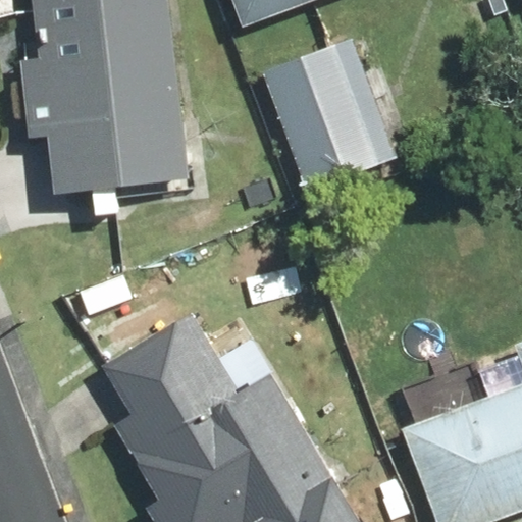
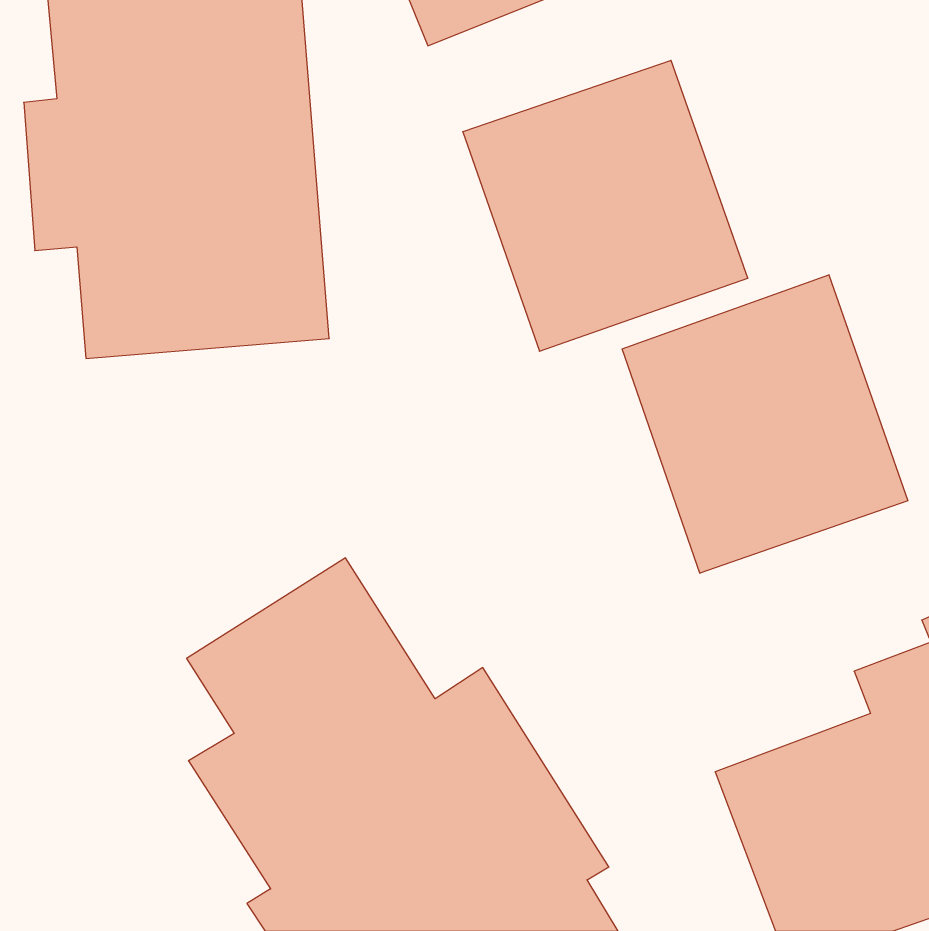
building: none -> [622,275,908,573]

